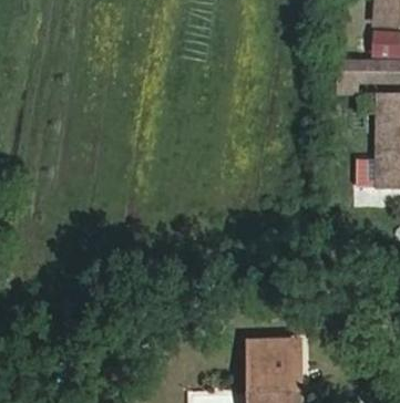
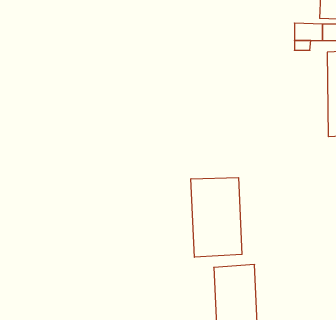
building: none -> [191,178,242,257]

